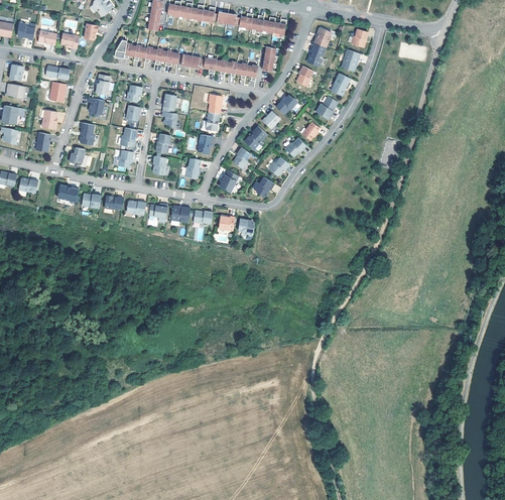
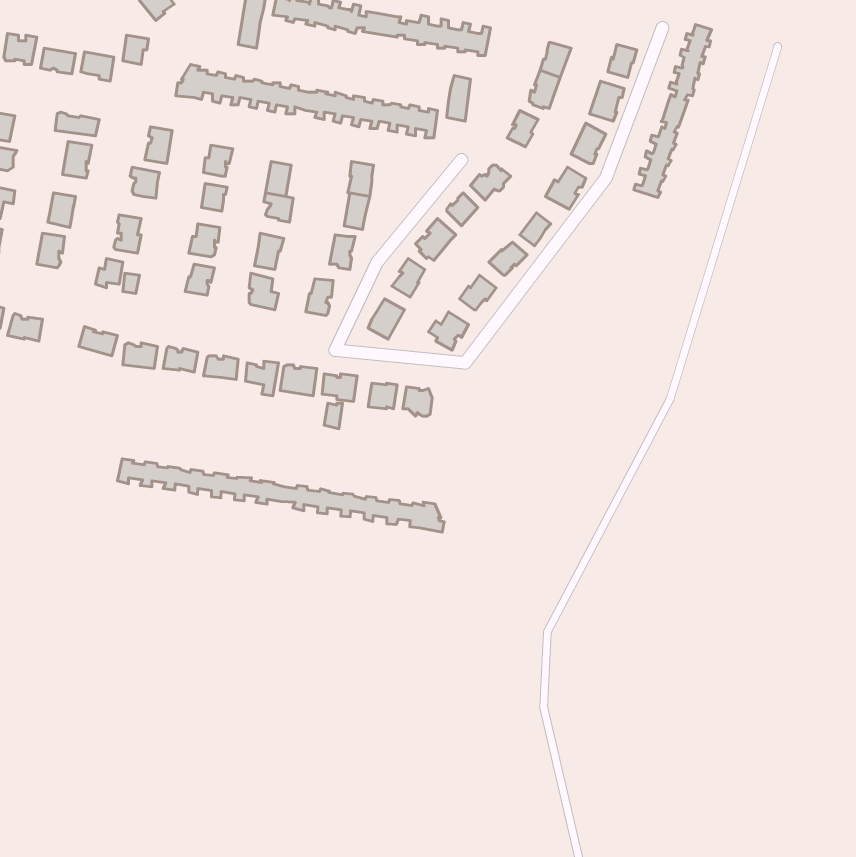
building: none -> [634,24,711,197]
building: none -> [117,459,444,532]

